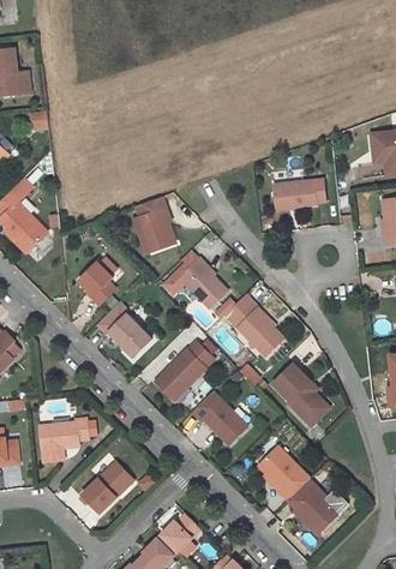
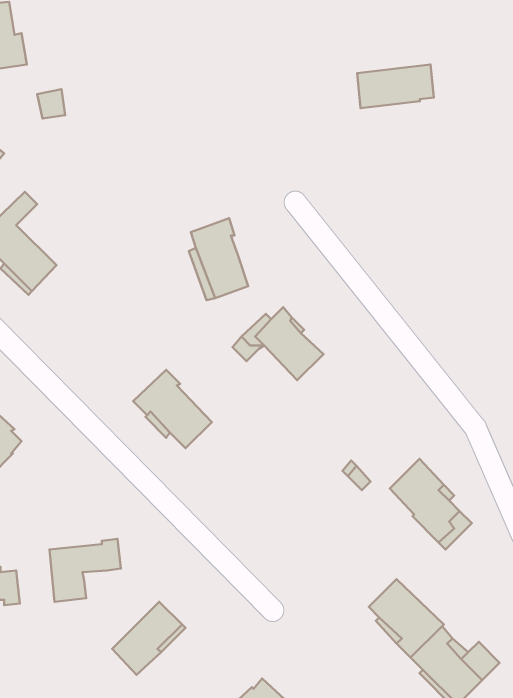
building: [272,178,325,208] -> [357,64,434,108]
building: [78,263,114,305] -> none
building: [223,294,283,355] -> none
building: [155,342,214,401] -> none
building: [192,390,247,441] -> none

